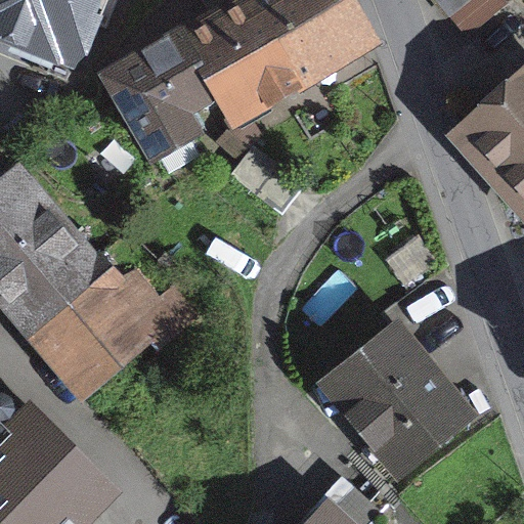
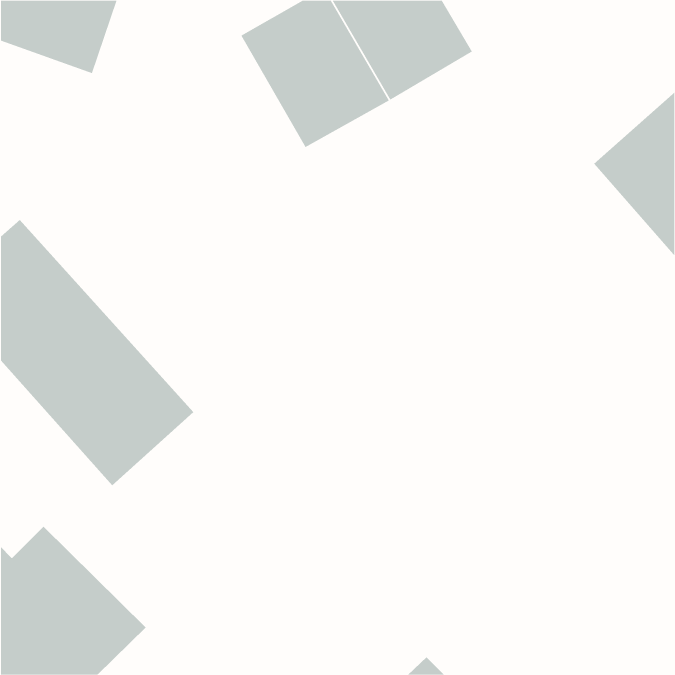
building: [111,28,236,158] -> none
building: [331,325,463,462] -> none

